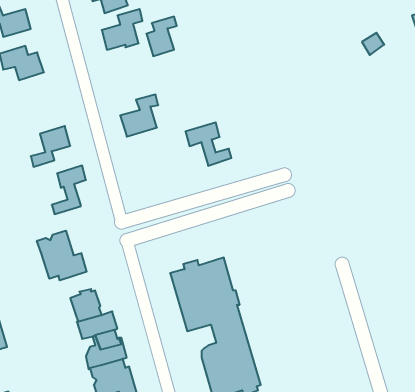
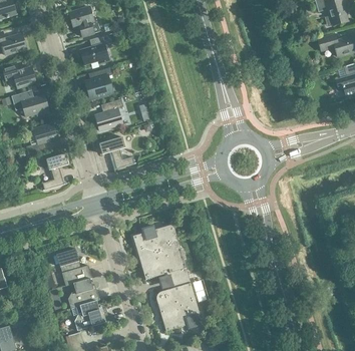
building: [146,17,177,56] -> [88,67,111,97]
building: none -> [11,91,49,116]
building: [185,122,231,166] -> [99,135,134,168]
building: [37,231,87,280] -> none

